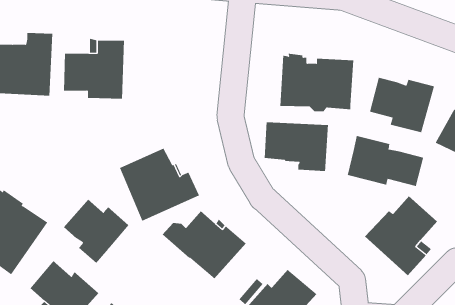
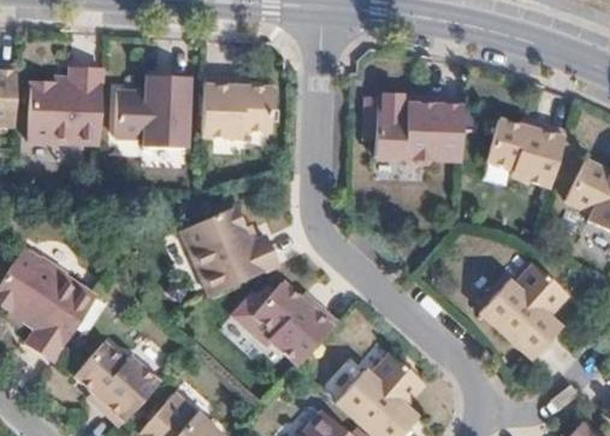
building: none -> [203,73,274,134]
building: [264,121,329,172] -> none
building: [347,135,424,187] -> none
building: [63,199,129,264] -> none

